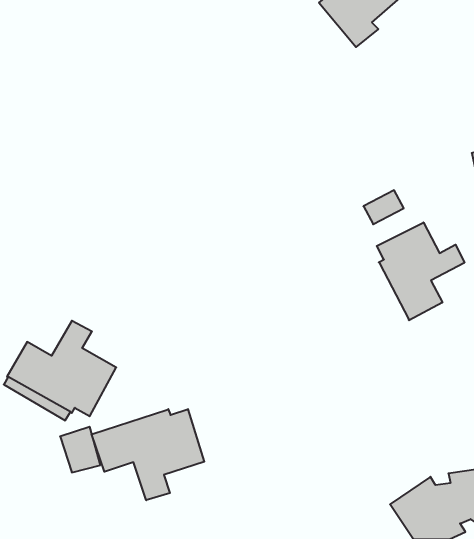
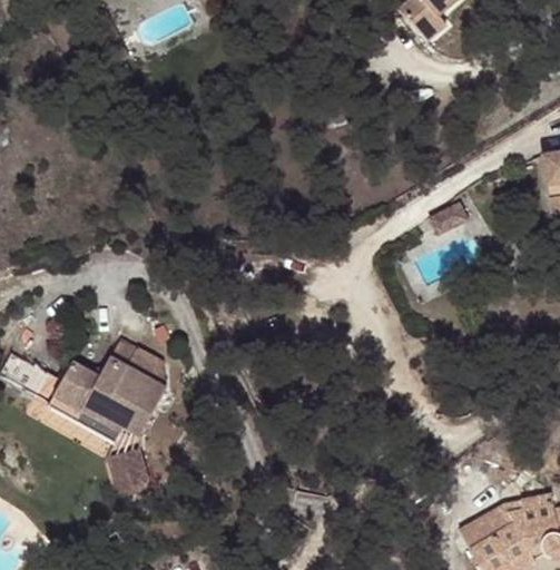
building: [377,222,464,320] -> none
building: [92,409,204,500] -> none

